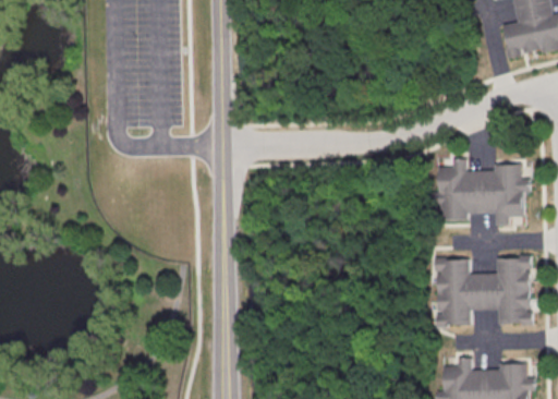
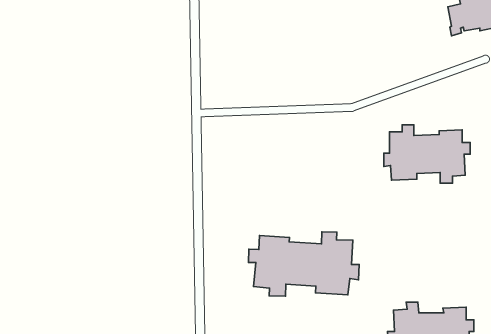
building: [435,255,532,328] -> none
building: none -> [248,232,359,296]

